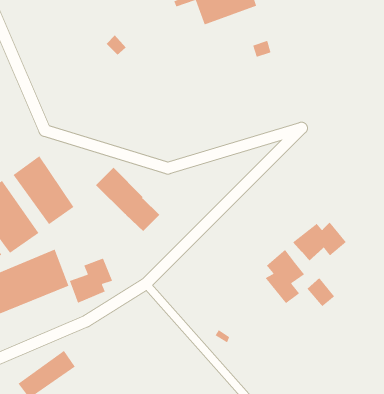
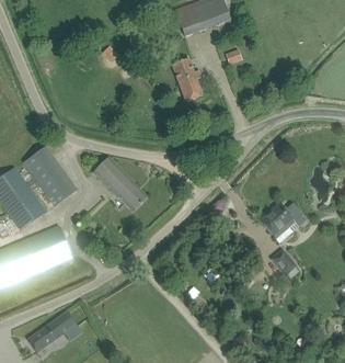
building: none -> [172,59,203,102]
building: [265,249,305,304] -> none
building: [69,257,113,304] -> none

